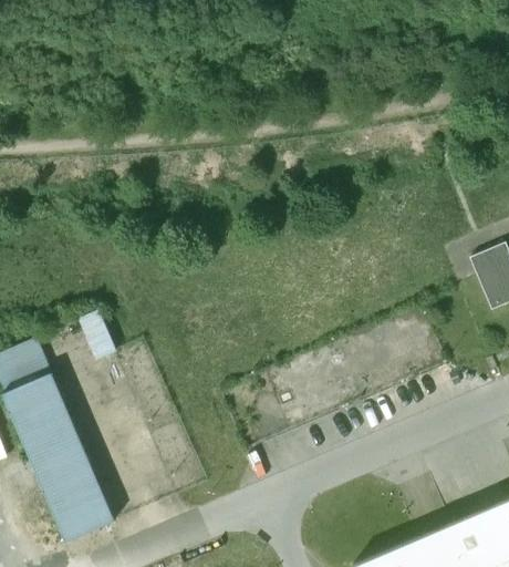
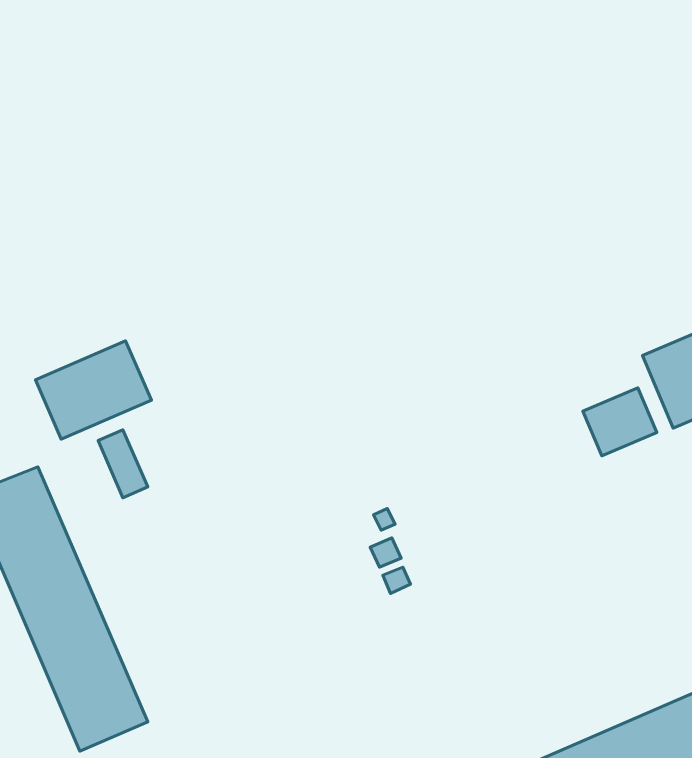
building: none -> [36,341,151,439]
building: none -> [583,388,657,456]

